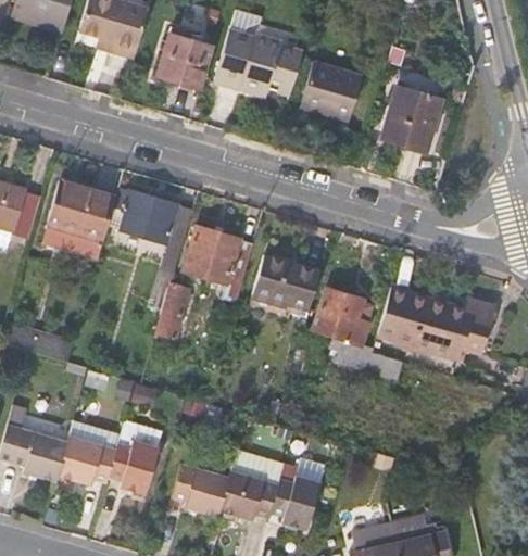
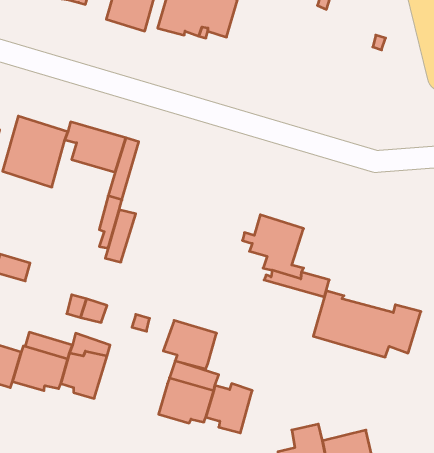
building: [303,61,364,122] -> none
building: [385,90,438,149] -> none
building: [184,226,254,303] -> none
building: [254,255,320,309] -> none
building: [378,286,496,358] -> [313,291,421,357]
building: [166,462,225,515] -> [163,320,217,369]

